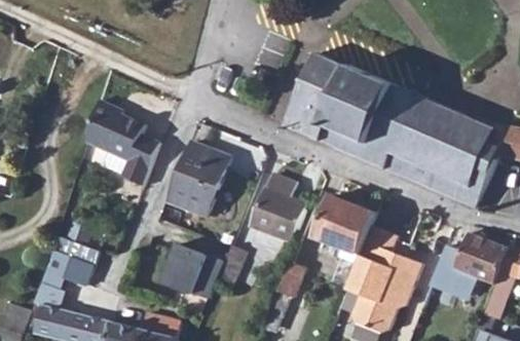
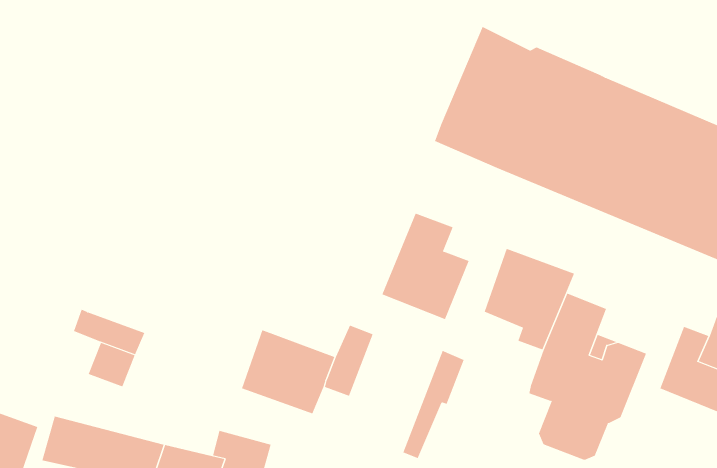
building: [82,100,157,186] -> none
building: [169,142,229,217] -> none
building: [35,249,70,304] -> none

